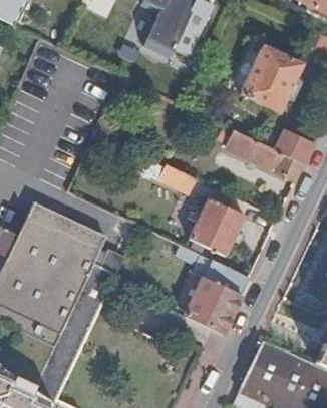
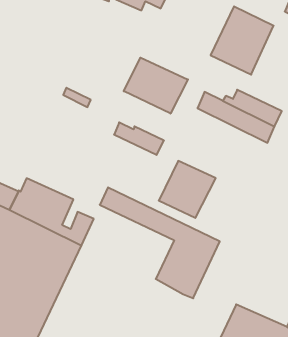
building: none -> [124,58,188,114]

